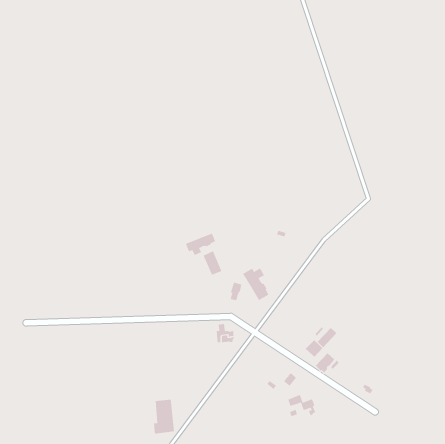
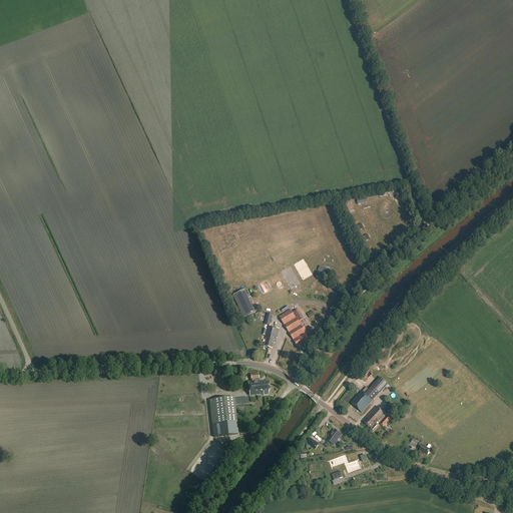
building: [185,233,216,256] -> none
building: [153,399,175,434] -> [212,396,237,436]

